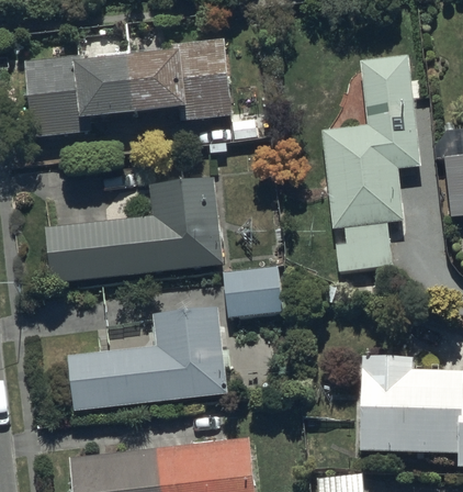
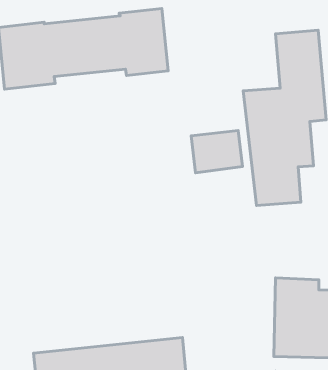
building: [42,176,223,282] -> none
building: [222,265,284,316] -> [191,130,243,173]
building: [66,305,227,410] -> none

